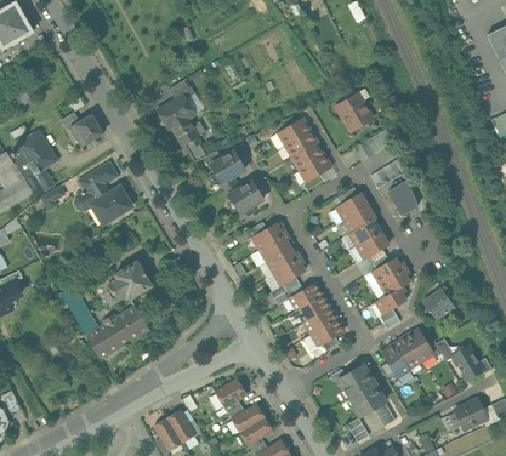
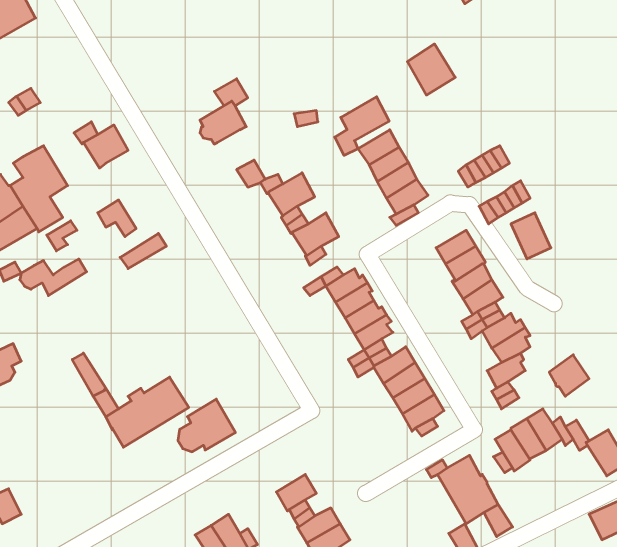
building: none -> [335,97,389,155]
building: [336,93,373,132] -> [407,44,455,95]
building: [171,118,205,147] -> none
building: [75,187,126,215] -> [20,259,87,296]
building: [108,261,152,301] -> [178,399,235,452]

